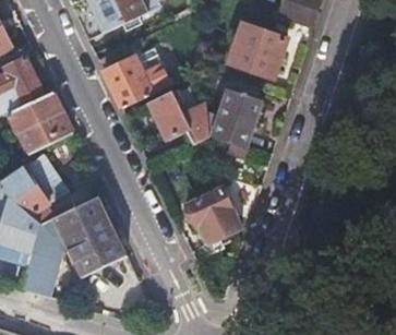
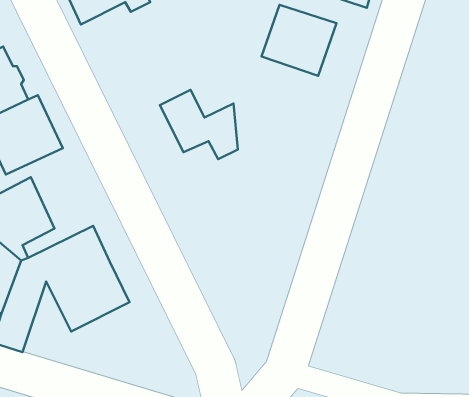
building: [104,46,172,107] -> none
building: [205,80,266,148] -> none
building: [185,188,240,244] -> none

